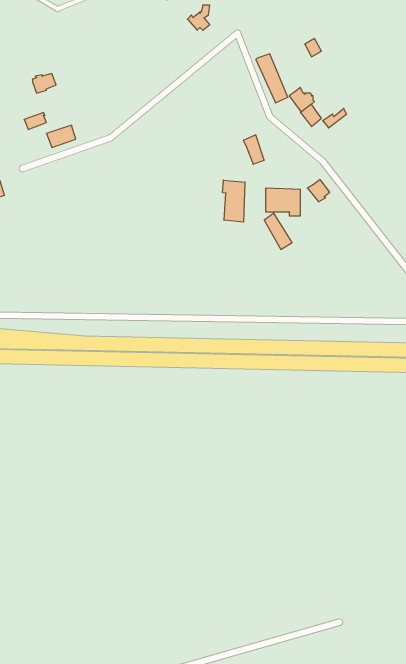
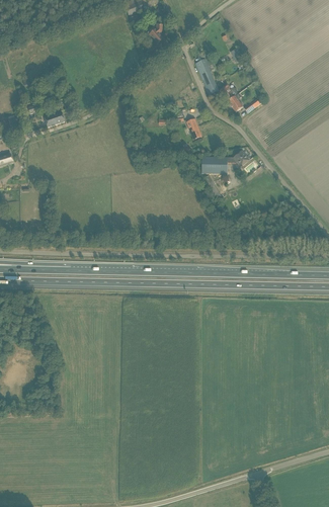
building: [223,180,245,222] -> none

